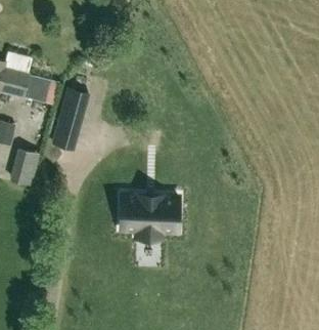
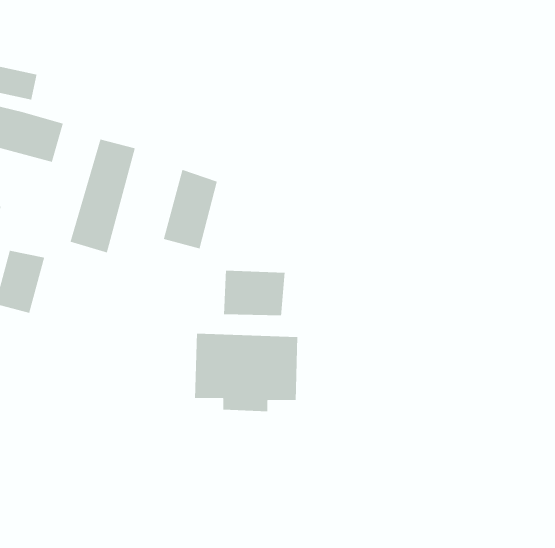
building: none -> [163,169,218,250]
building: none -> [223,270,286,316]

